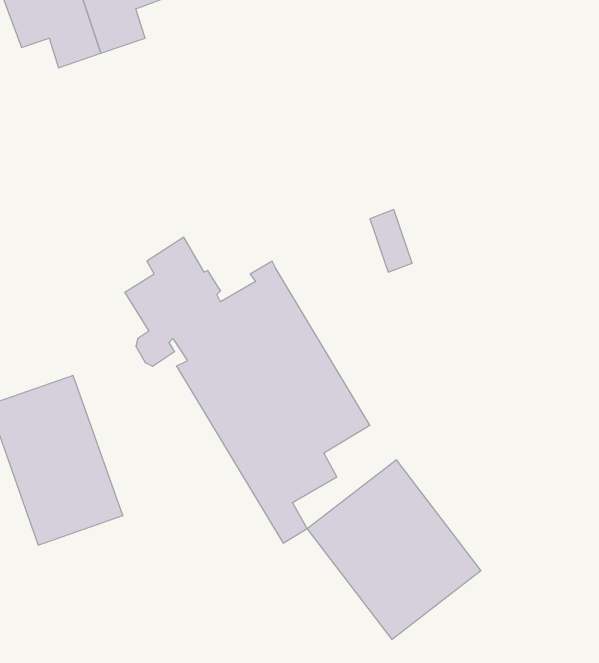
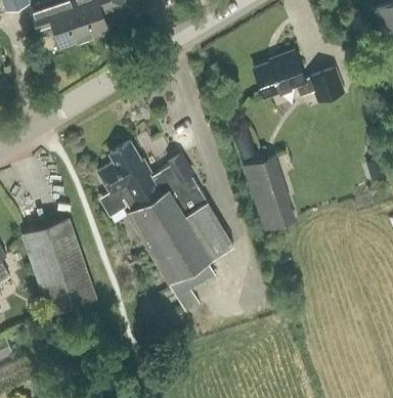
building: none -> [254,52,343,101]
building: none -> [244,156,297,231]
building: [307,460,481,639] -> none

